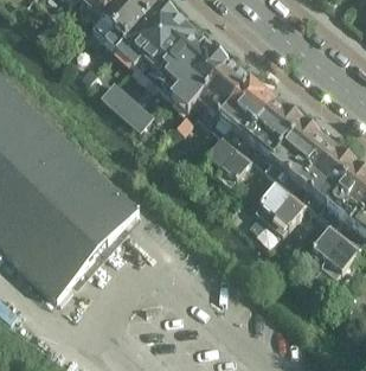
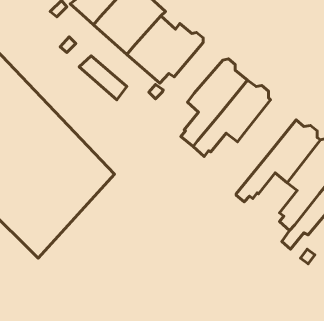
building: [195,66,251,130] -> none
building: [248,127,329,235] -> none

